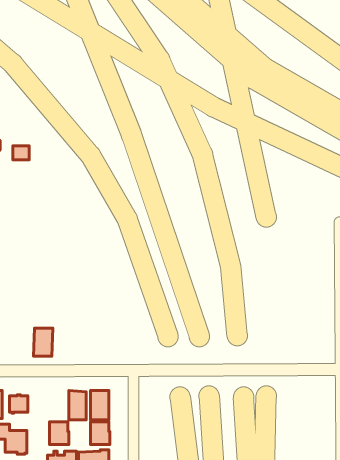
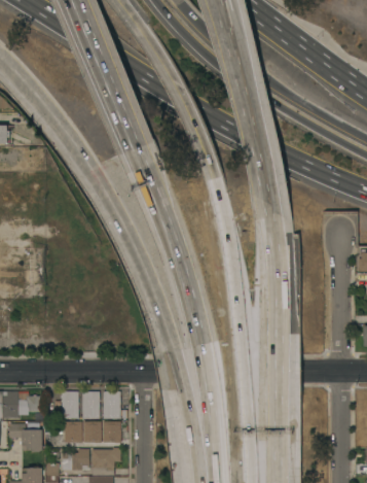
building: [34,328,53,356] -> [61,391,79,418]
building: none -> [83,421,102,443]

